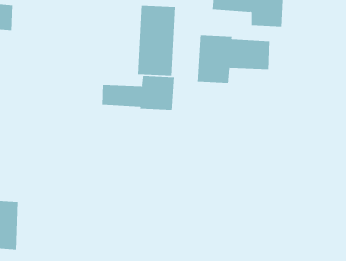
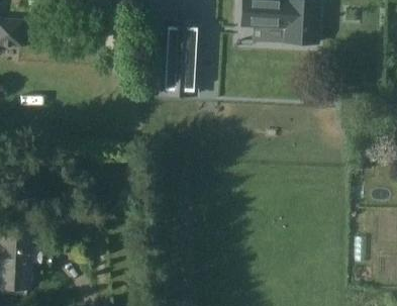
building: [197,35,270,84] -> none
building: [102,75,175,111] -> none

